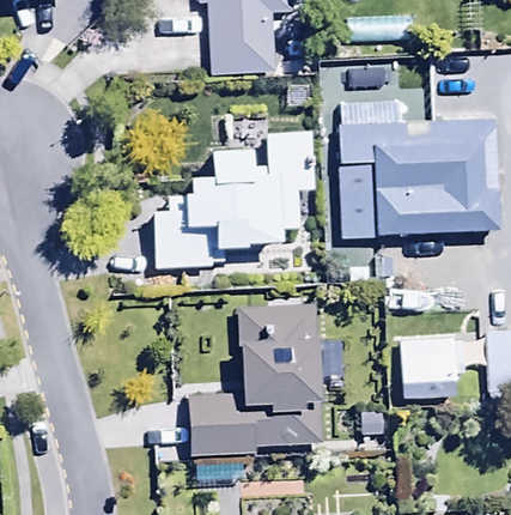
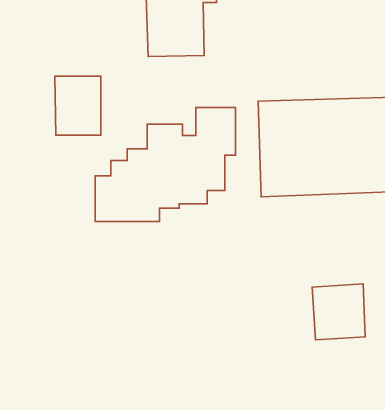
building: none -> [55,76,101,135]
building: [188,302,343,452] -> none

